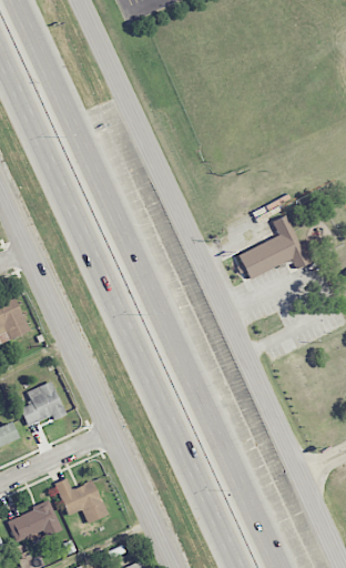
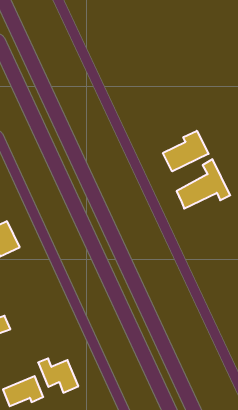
building: none -> [163,131,209,171]
building: [21,383,65,426] -> none

